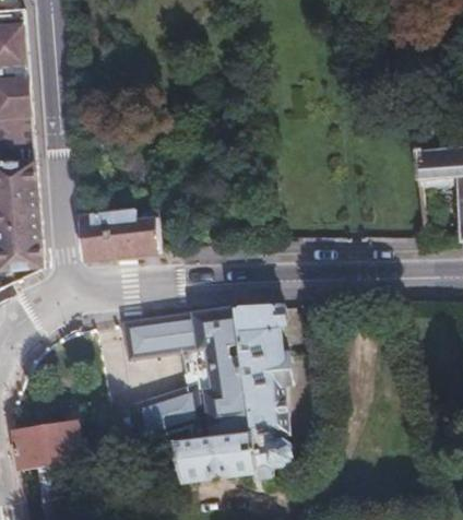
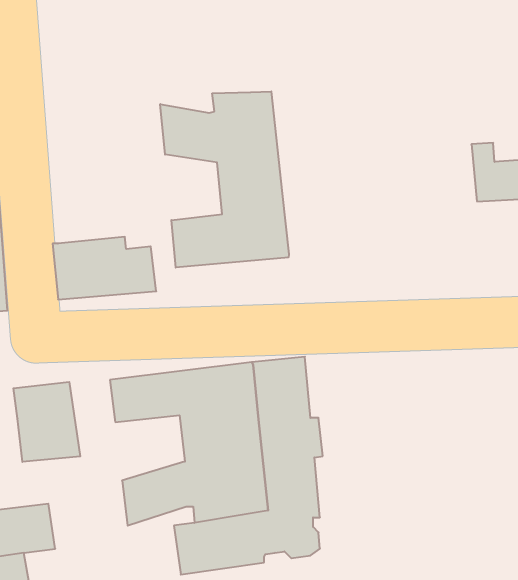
building: none -> [160,91,289,268]
building: none -> [13,382,80,462]

